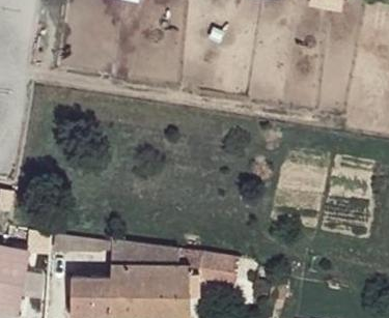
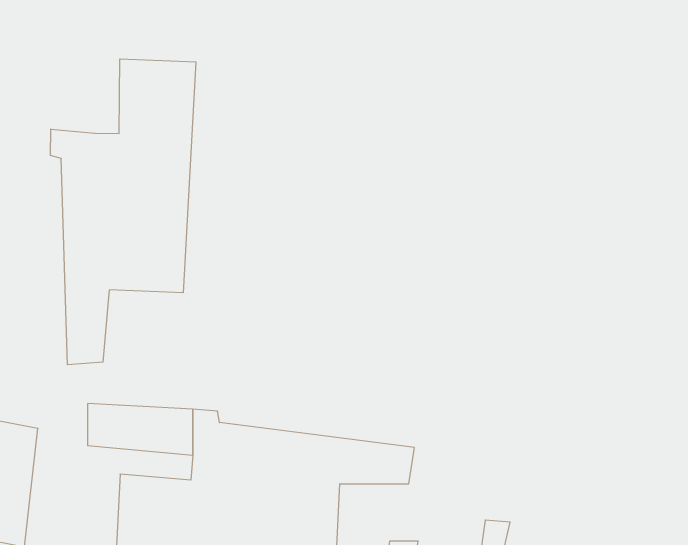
building: none -> [50,59,196,365]

